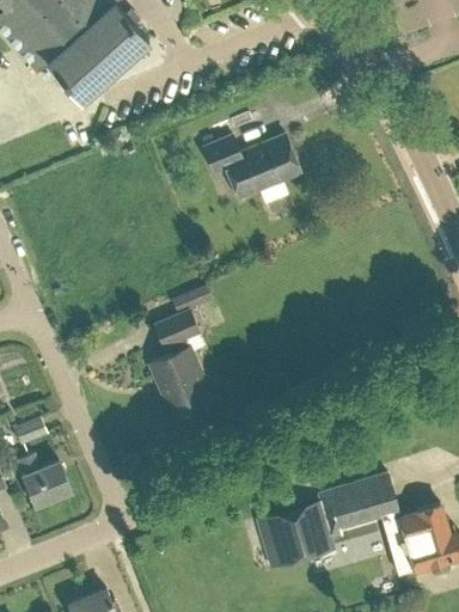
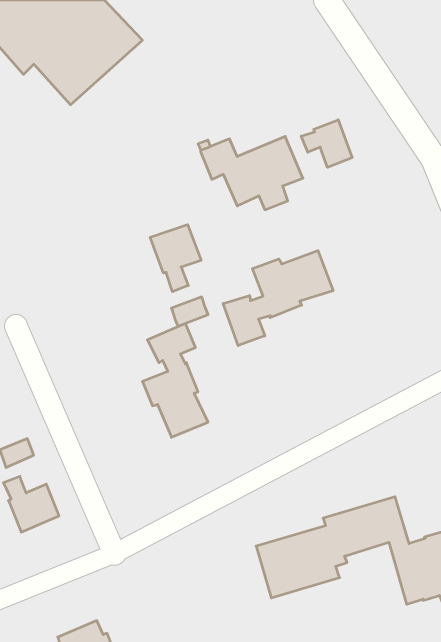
building: none -> [301,120,352,167]
building: none -> [150,225,201,292]
building: none -> [223,251,333,346]

